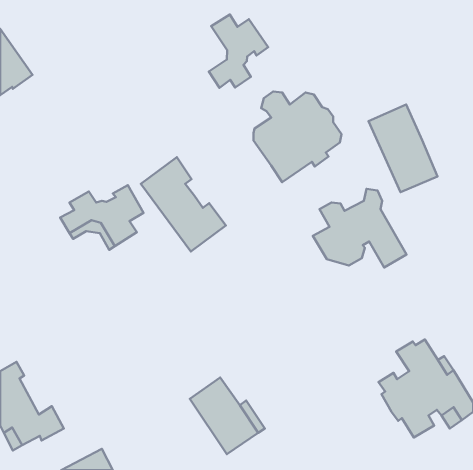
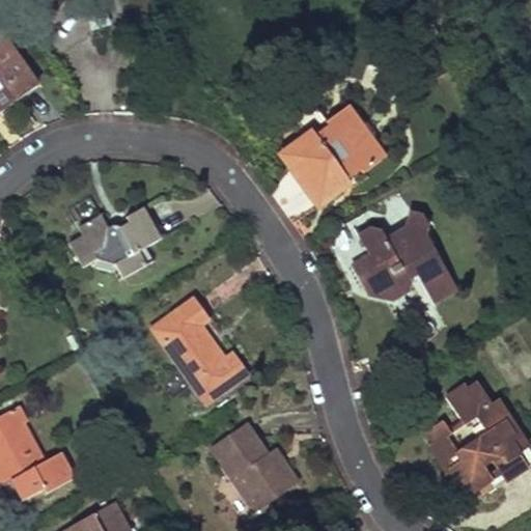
building: [209,15,268,88] -> none
building: [368,105,437,192] -> none
building: [141,157,226,251] -> [151,298,247,403]

